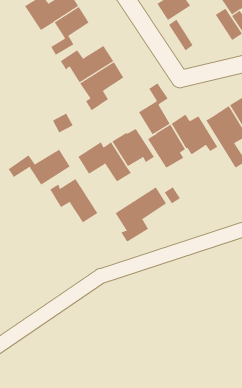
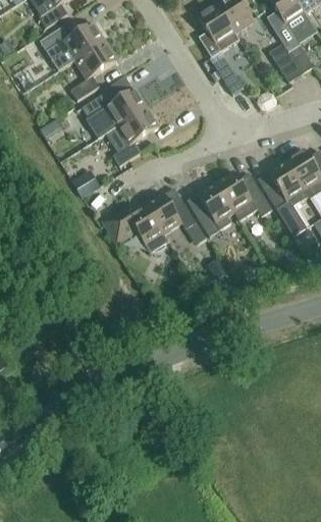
building: [138,83,170,135] -> none
building: [8,149,71,186] -> none
building: [50,178,98,223] -> none
building: [115,187,167,242] -> none

